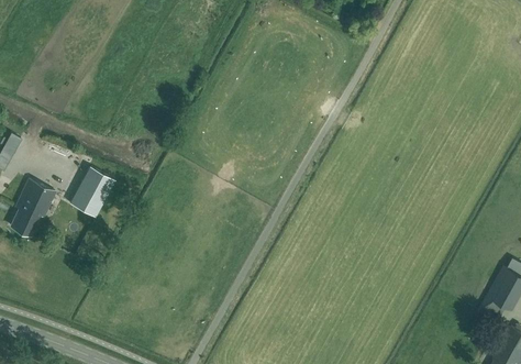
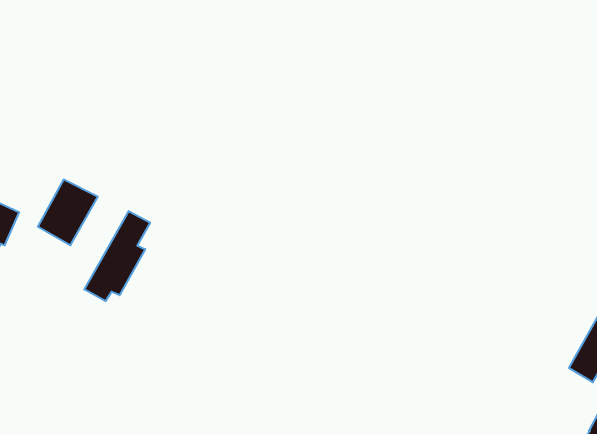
building: none -> [84,211,150,301]

